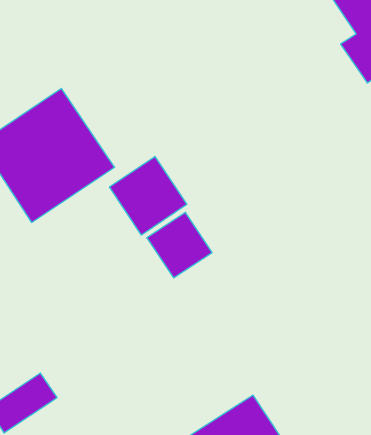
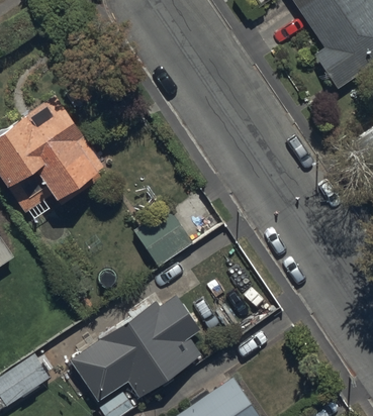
building: [110,156,187,235] -> none
building: none -> [72,292,202,401]

